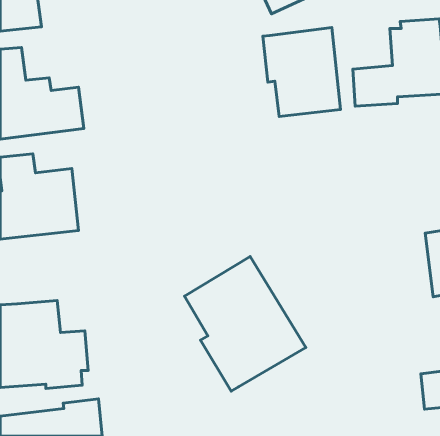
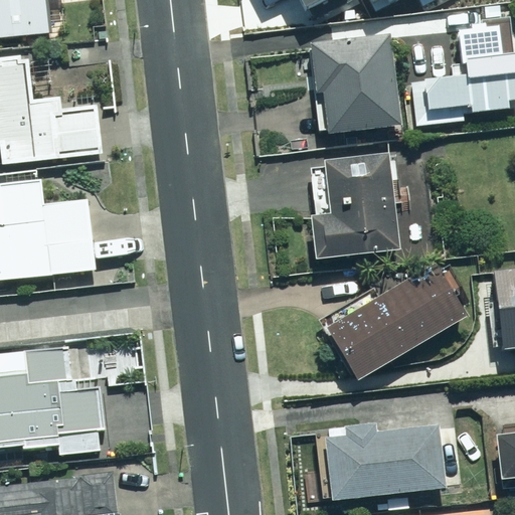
building: none -> [307,163,396,260]
building: none -> [325,264,464,380]
building: [184,257,306,391] -> none
building: none -> [322,424,445,501]

